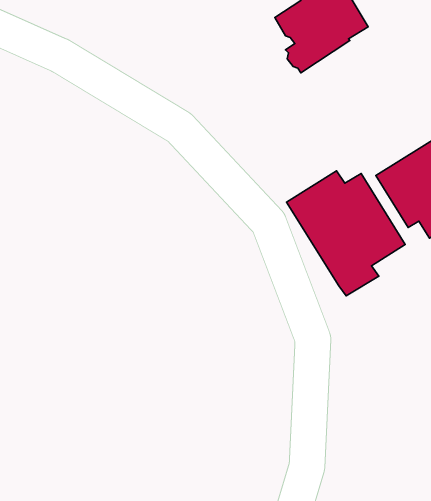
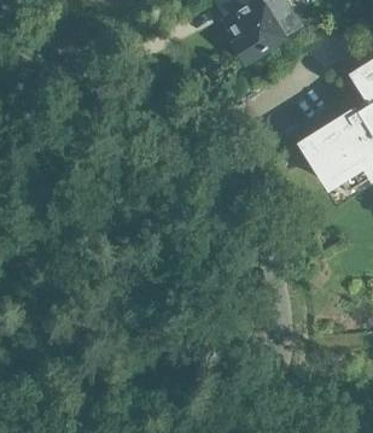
building: [287,171,405,296] -> none

